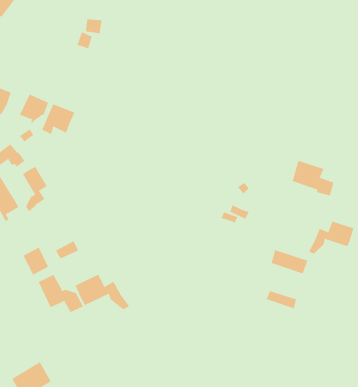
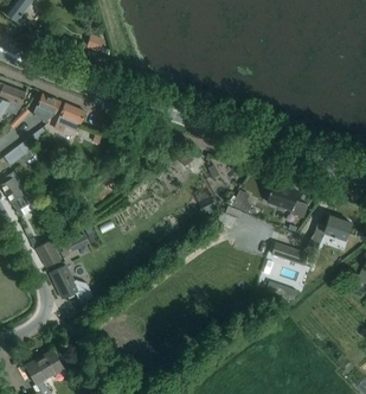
building: [292,160,334,196] -> [268,184,308,218]
building: [22,166,48,212] -> none
building: [75,274,130,310] -> none

